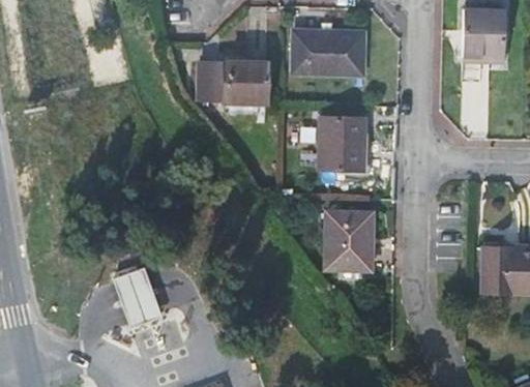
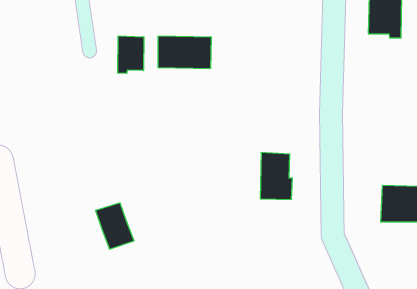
building: [295,34,364,72] -> none
building: none -> [118,36,144,74]
building: [320,117,365,170] -> none

